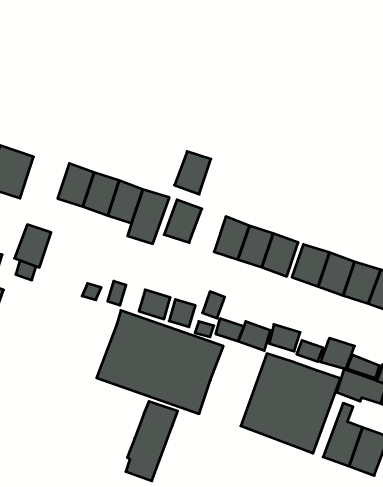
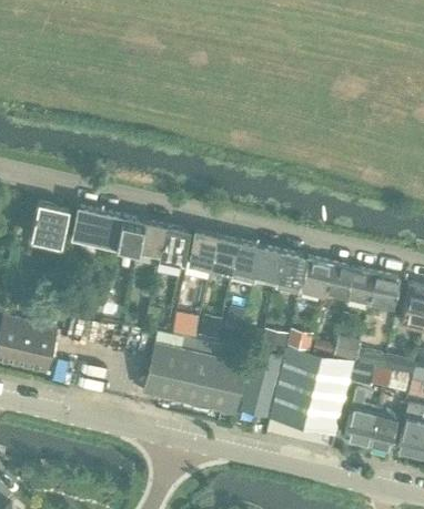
building: [174,151,211,194] -> [210,238,239,274]
building: [14,225,51,267] -> [71,207,100,243]
building: [126,401,178,481] -> [242,352,281,419]

